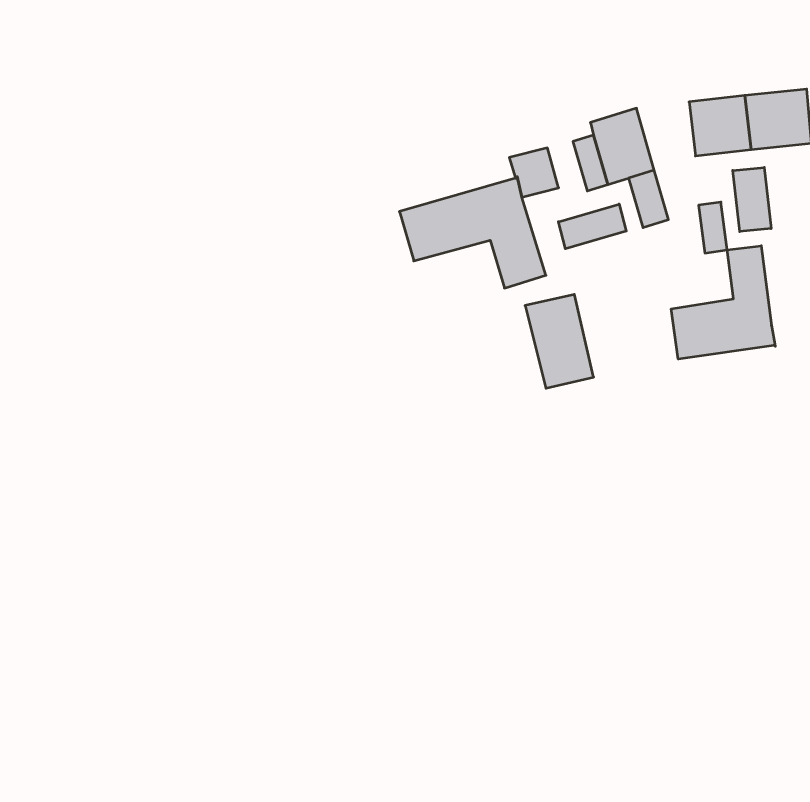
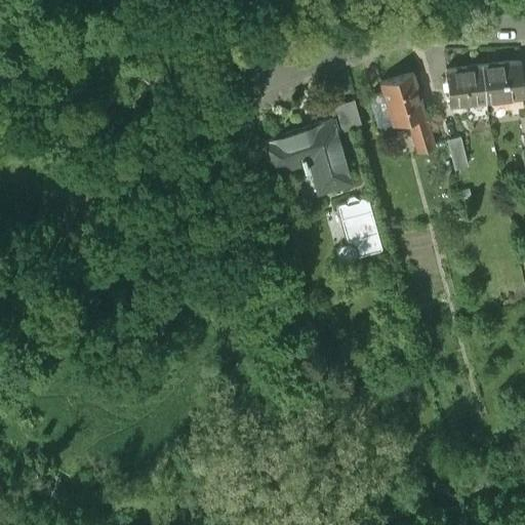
building: [733,167,771,232] -> none
building: [558,204,626,249] -> none
building: [671,246,775,359] -> none

